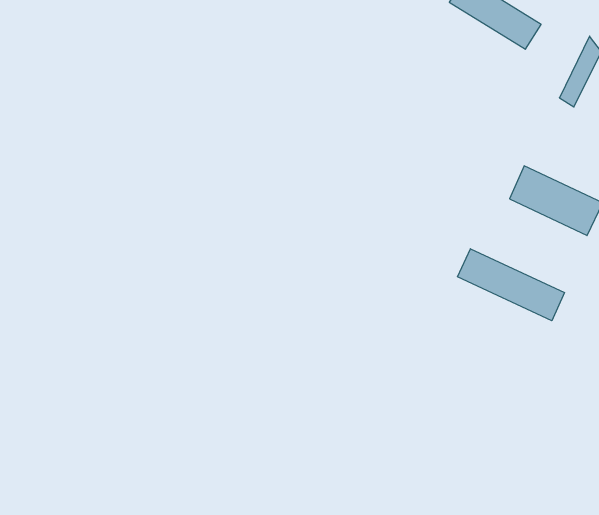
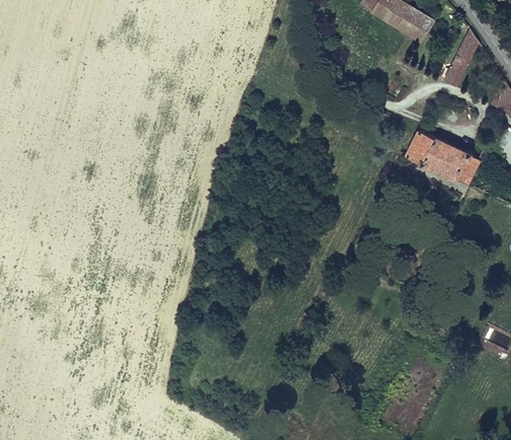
building: [458,249,565,321] -> none

